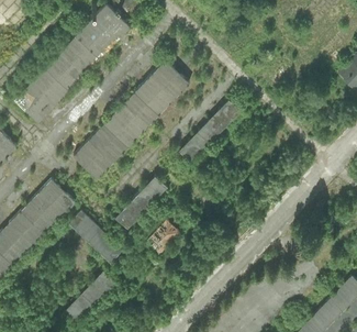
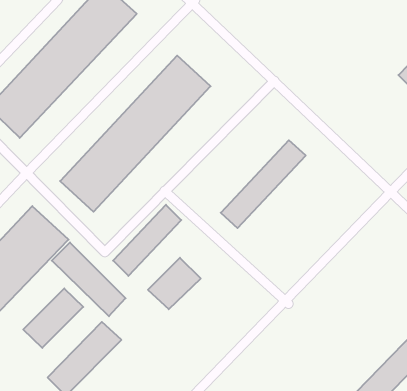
building: [177,95,244,164] -> [221,140,306,228]
building: none -> [23,288,83,348]

